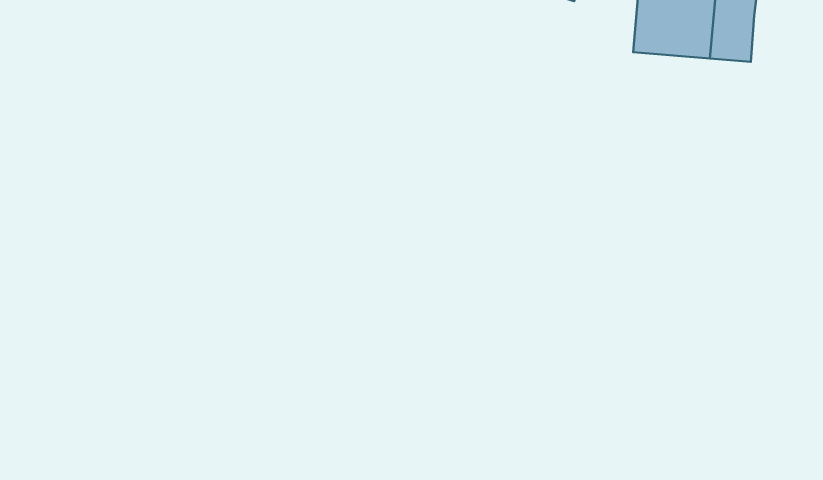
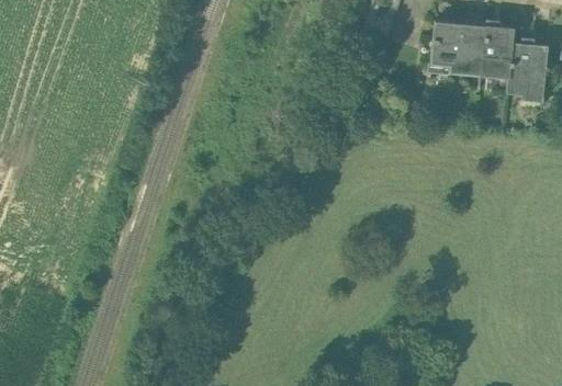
building: none -> [507,44,546,94]

